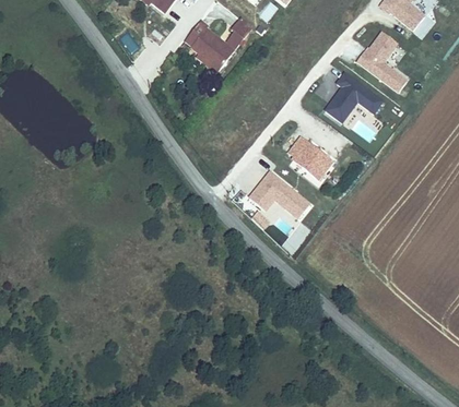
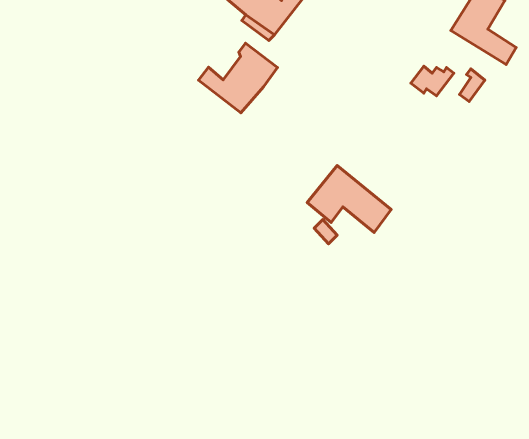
building: none -> [199,43,277,113]
building: [287,135,333,180] -> none

